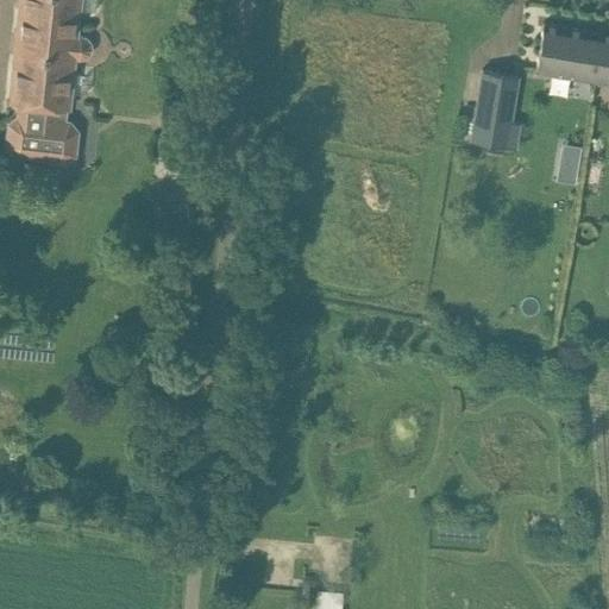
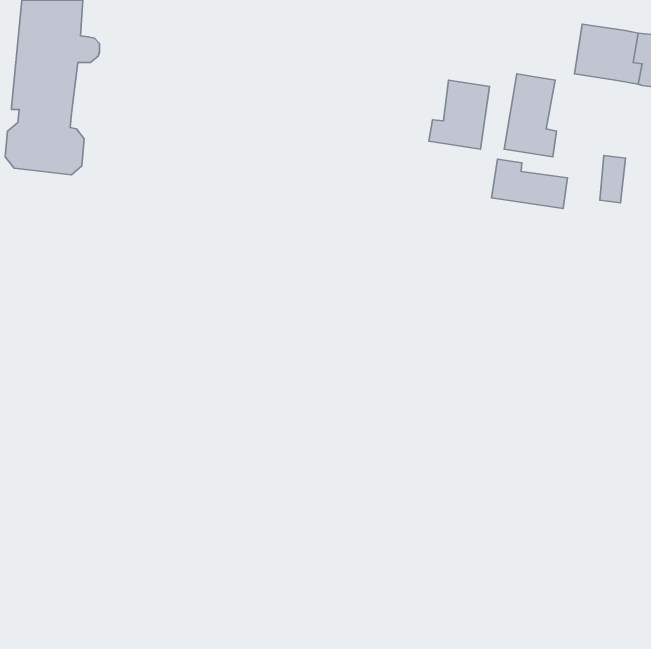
building: none -> [429,80,490,149]
building: none -> [491,159,568,208]

